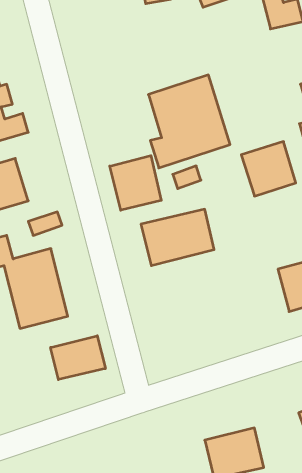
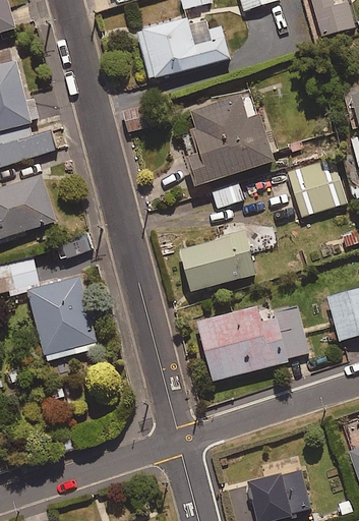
building: none -> [137,13,230,79]
building: [110,156,161,210] -> none
building: none -> [197,305,310,381]
building: [51,336,105,380] -> none

